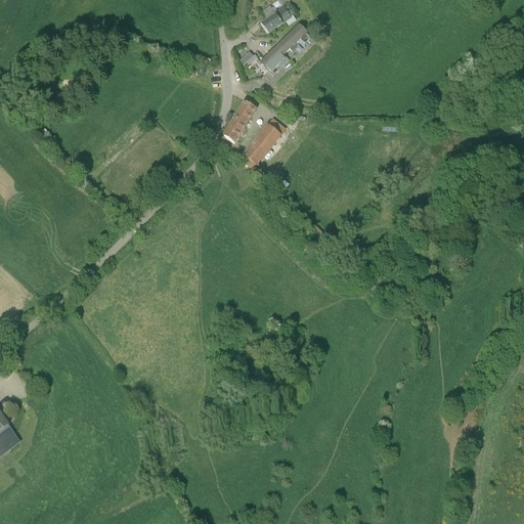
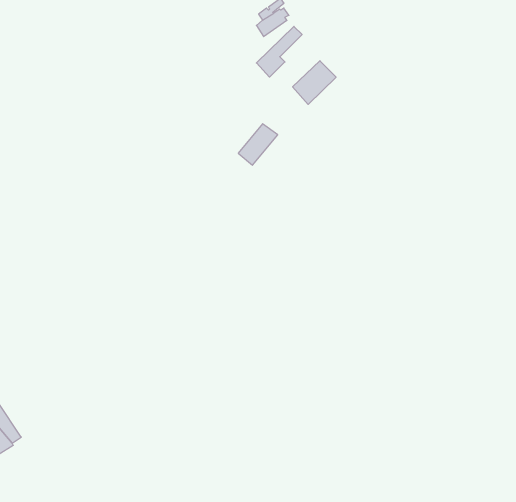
building: none -> [293,61,336,104]
building: [220,102,255,145] -> none

